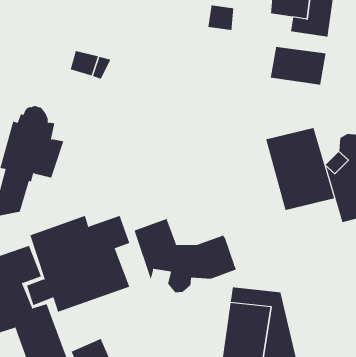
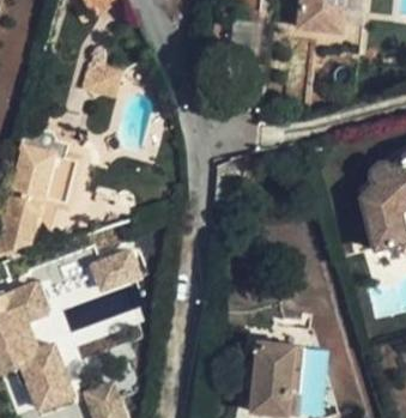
building: [270,46,326,85] -> none
building: [266,127,335,211] -> none
building: [134,218,237,293] -> none

